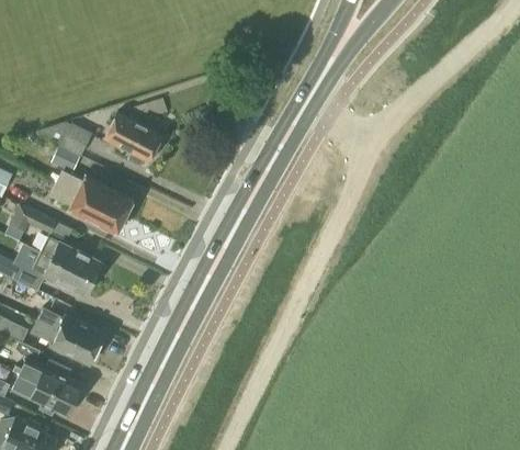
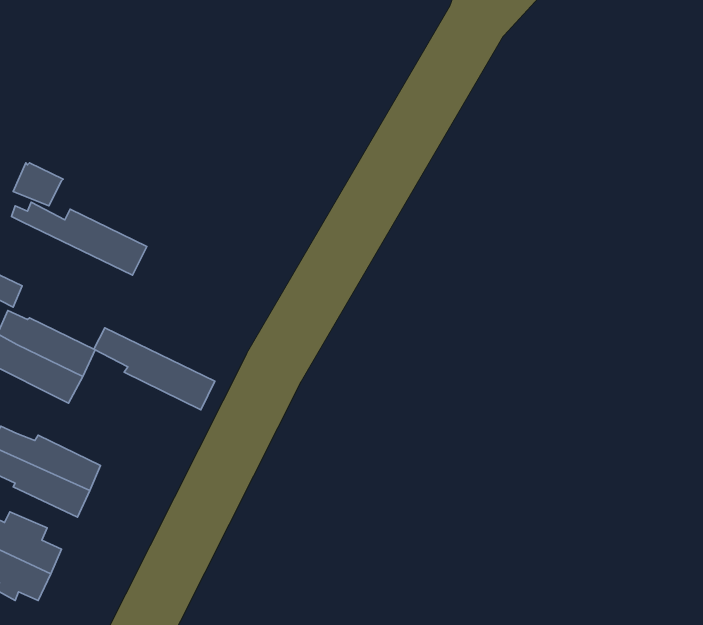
building: [104,112,162,166] -> none
building: [60,123,92,156] -> none
building: [49,182,124,233] -> [94,328,215,410]

